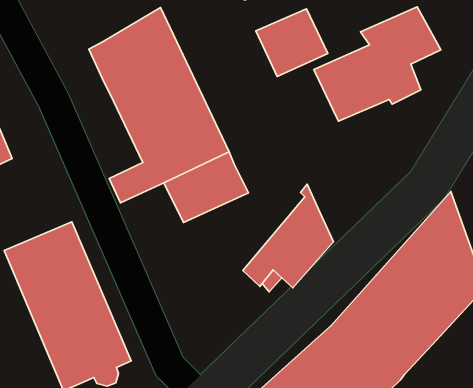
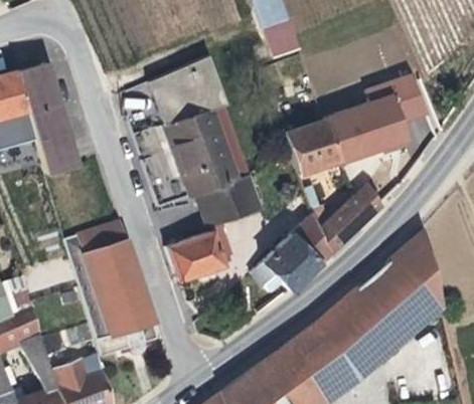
building: [256,9,328,76] -> [284,122,339,173]
building: none -> [318,186,380,257]
building: none -> [168,228,234,281]

